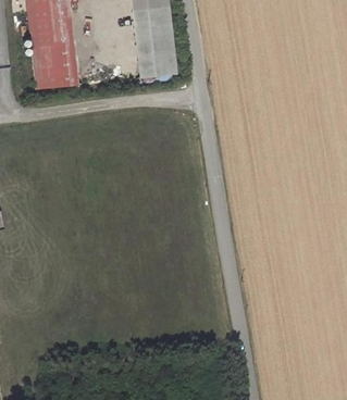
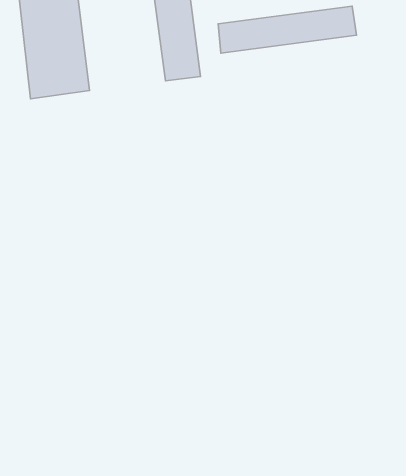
building: none -> [218,6,356,53]

